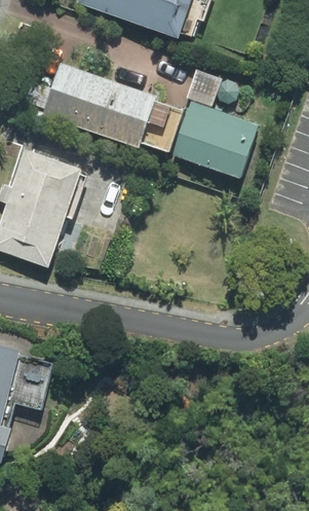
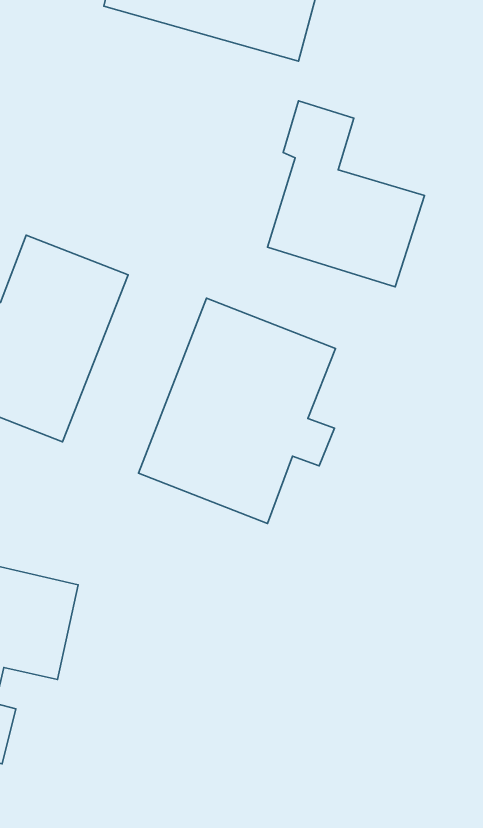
building: [16,62,173,150] -> none
building: none -> [139,298,335,523]

